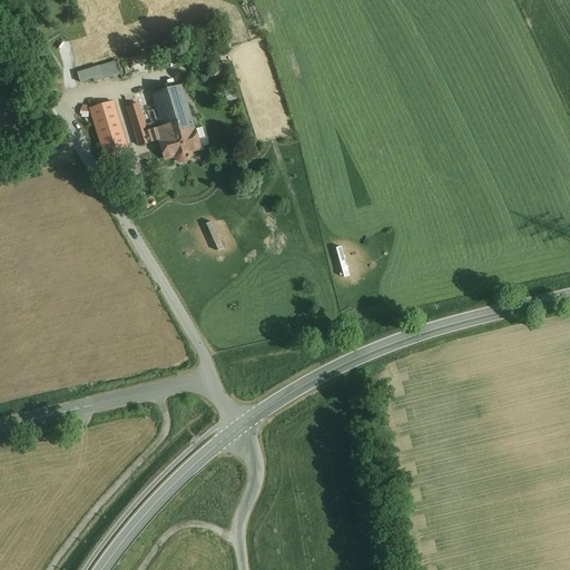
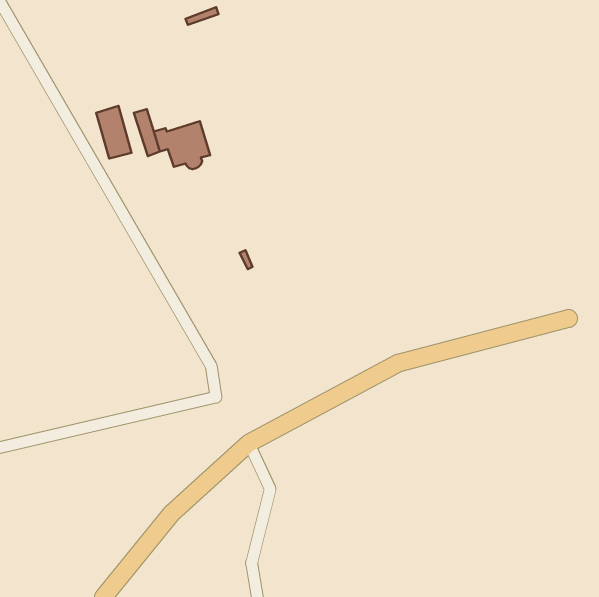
building: [75,56,121,81] -> none
building: [151,85,189,124] -> none

